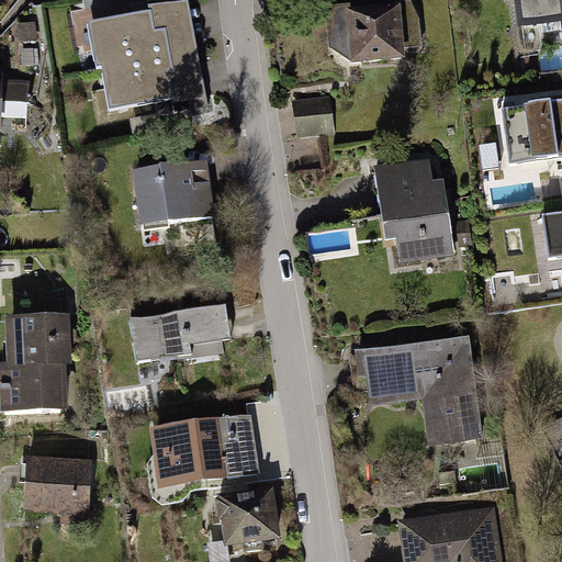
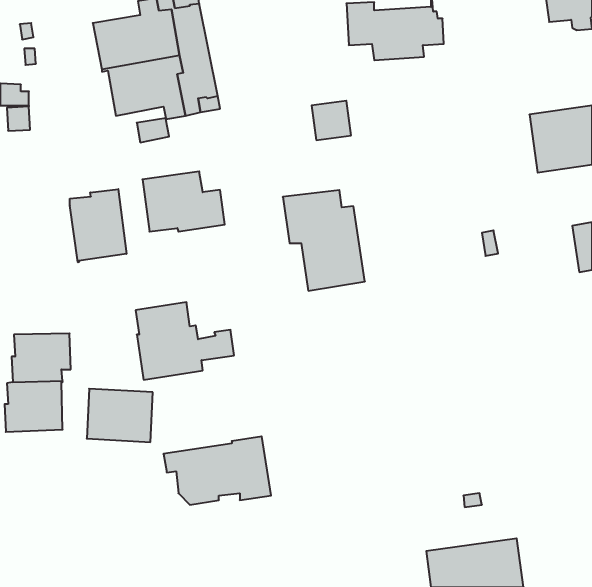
building: [375,162,453,258] -> [283,190,365,291]
building: none -> [70,189,126,262]
building: [358,341,481,439] -> none
building: [26,459,89,509] -> [87,389,153,442]
building: [218,491,277,549] -> none

